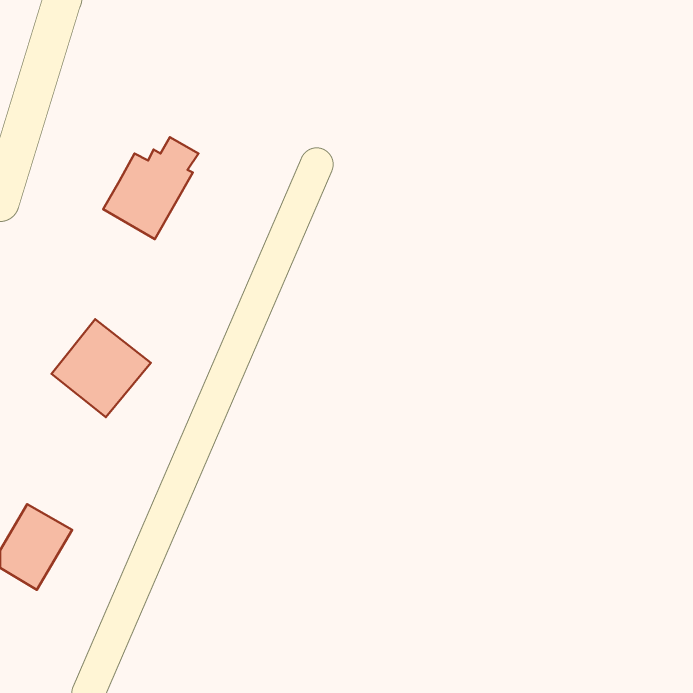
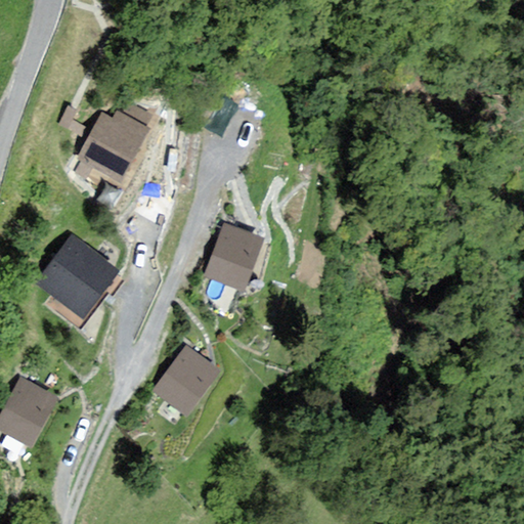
building: none -> [207,227,259,288]
building: none -> [154,348,217,413]

